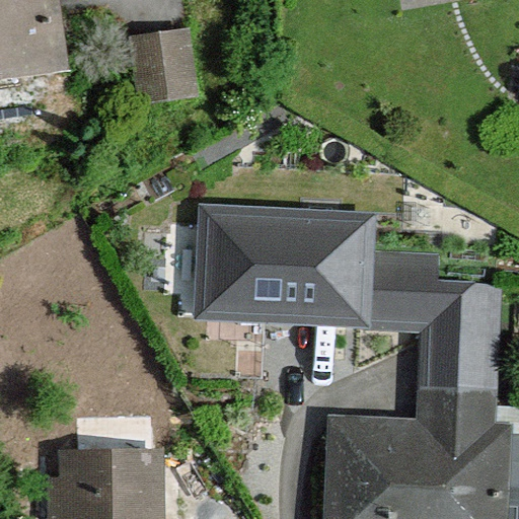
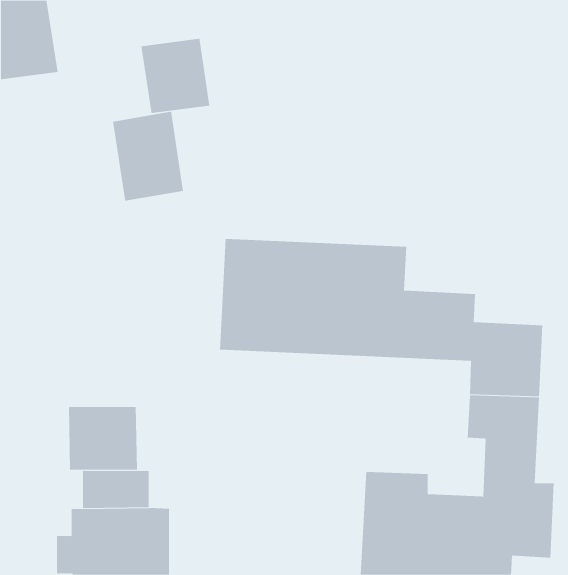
building: none -> [113,111,184,202]
building: none -> [68,406,137,470]

